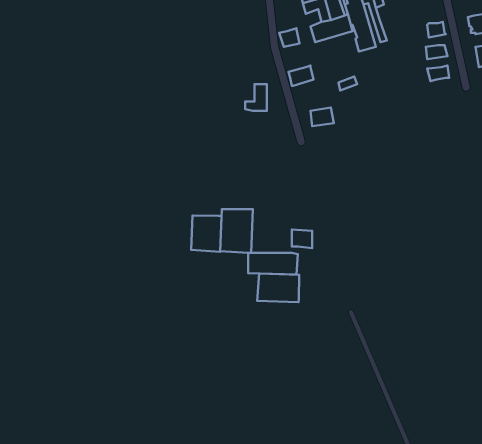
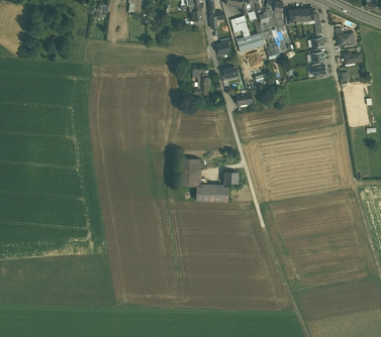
building: [191,215,221,252] -> none
building: [257,273,299,302] -> none

